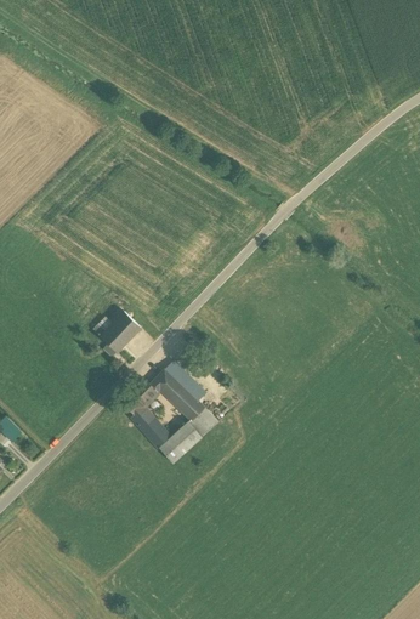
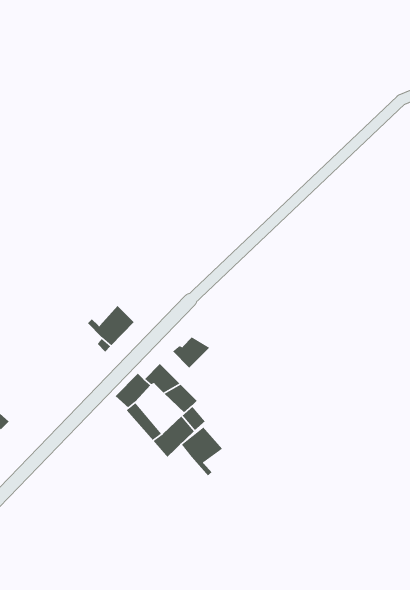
building: none -> [172,337,210,368]
building: none -> [181,426,223,477]

